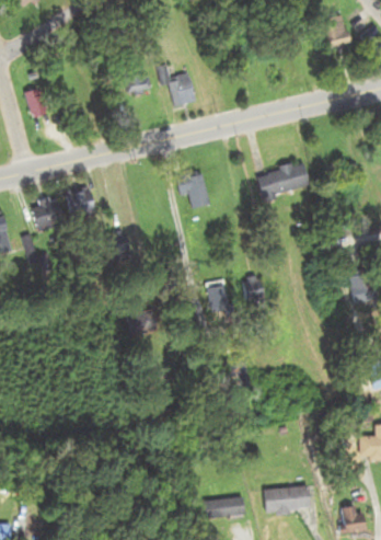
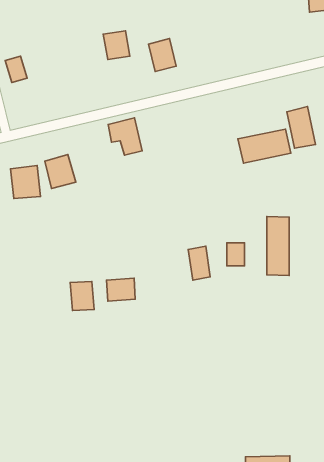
building: none -> [287,107,315,148]
building: [175,170,209,207] -> [108,118,142,155]
building: none -> [267,217,289,275]
building: none -> [70,281,94,311]

